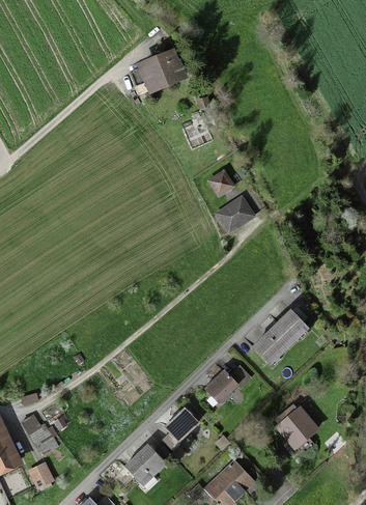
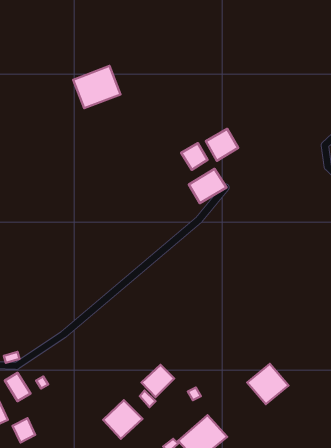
building: [137,56,187,101] -> [73,66,120,108]
building: none -> [206,129,238,161]
building: [254,309,310,364] -> none
building: [206,370,238,402] -> none

